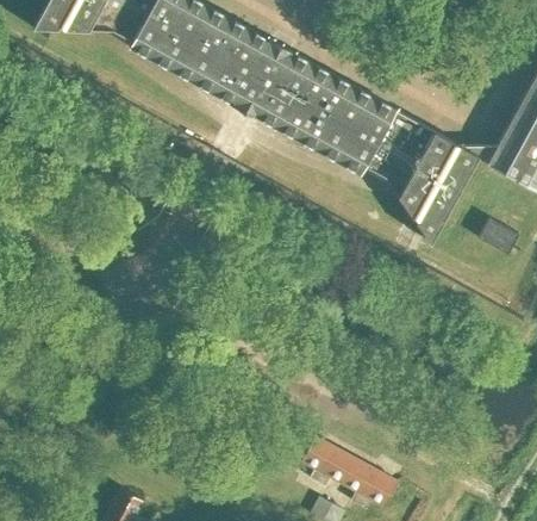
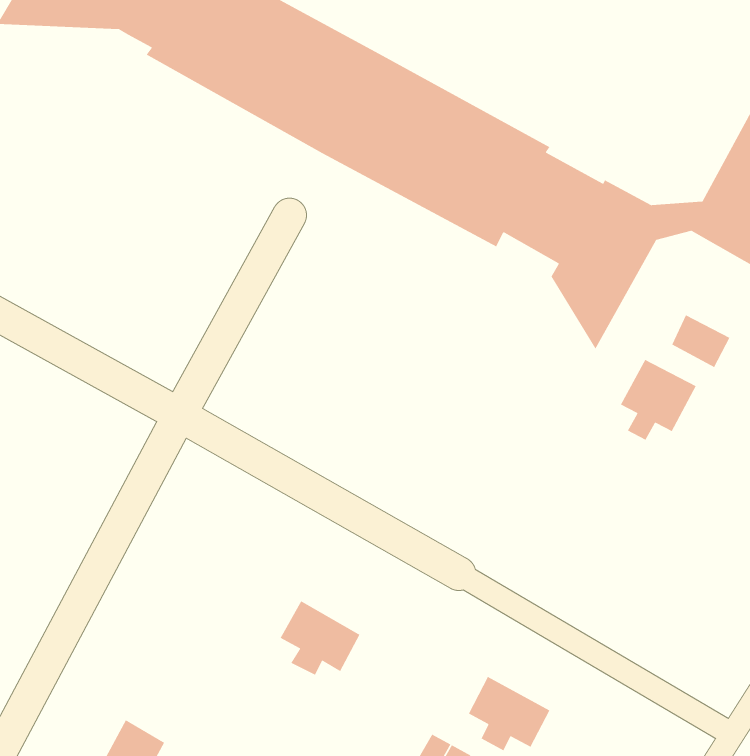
building: none -> [620,359,697,441]
building: [302,436,356,486] -> [279,600,360,676]

